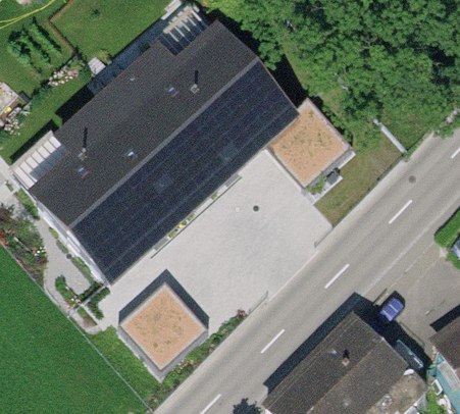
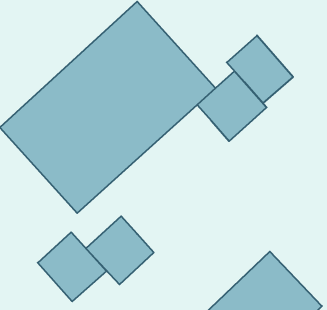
building: none -> [227,35,293,103]
building: none -> [38,232,106,301]

